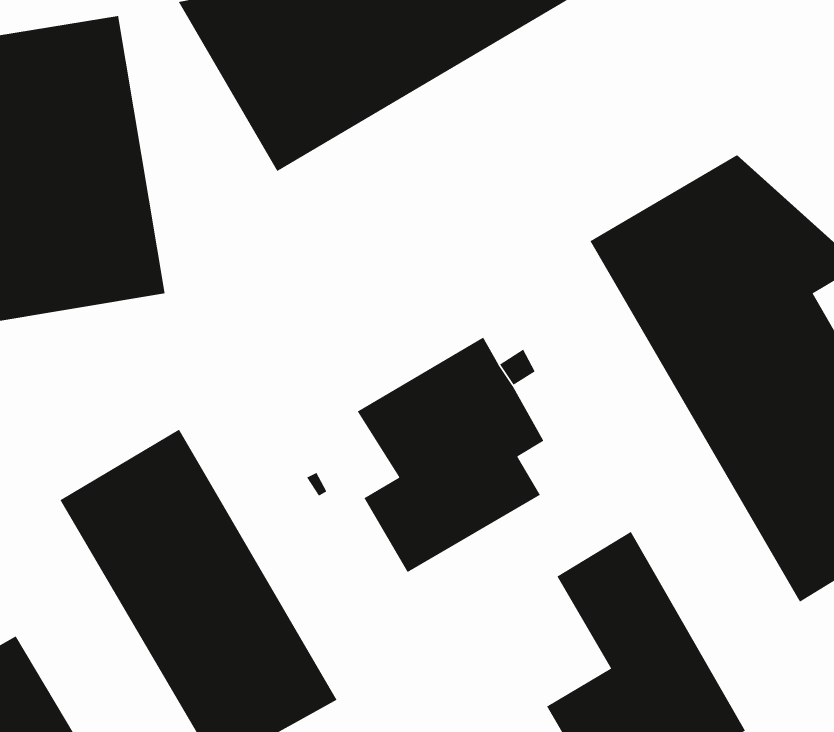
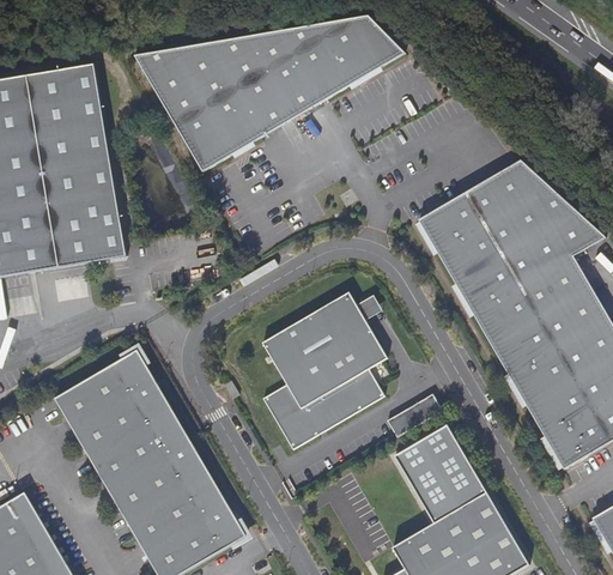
building: none -> [387,392,442,436]

